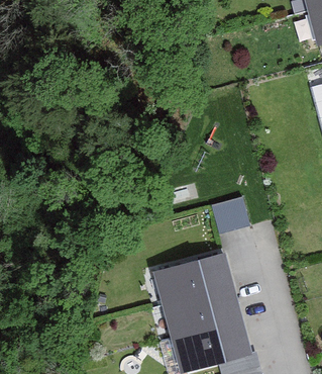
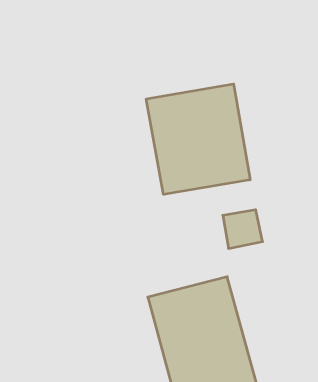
building: none -> [146,84,250,194]

